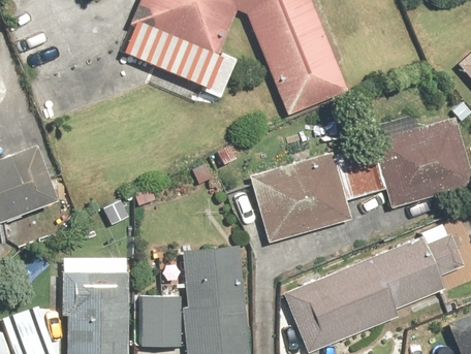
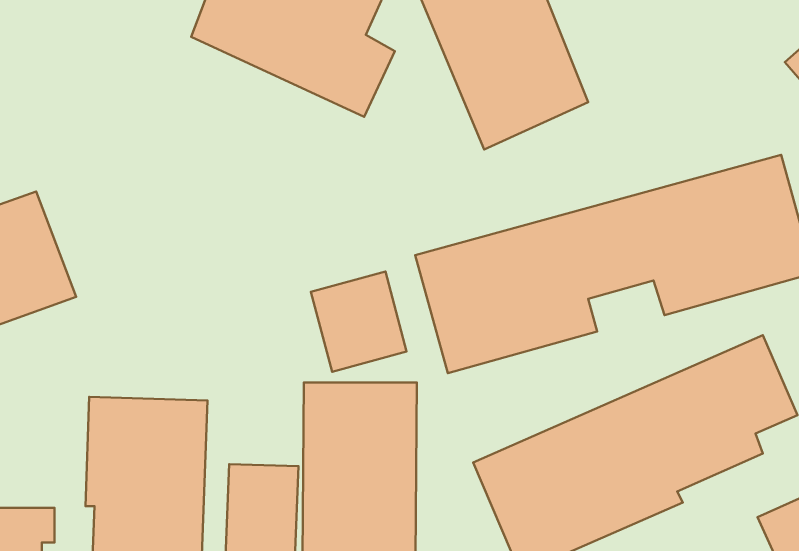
building: none -> [311,272,407,372]

